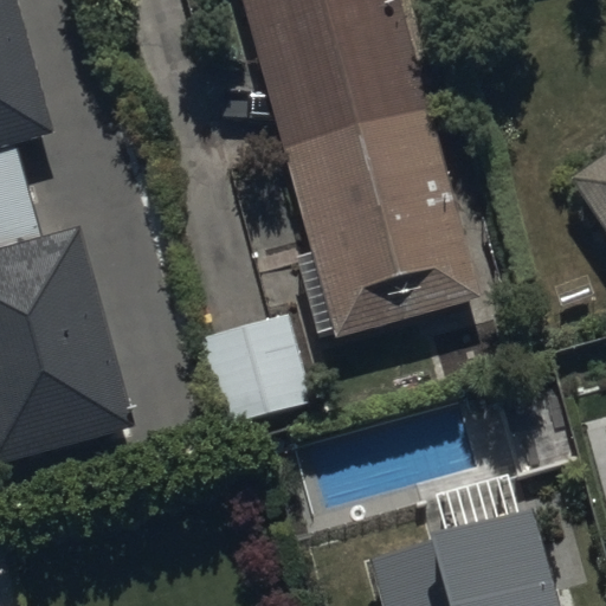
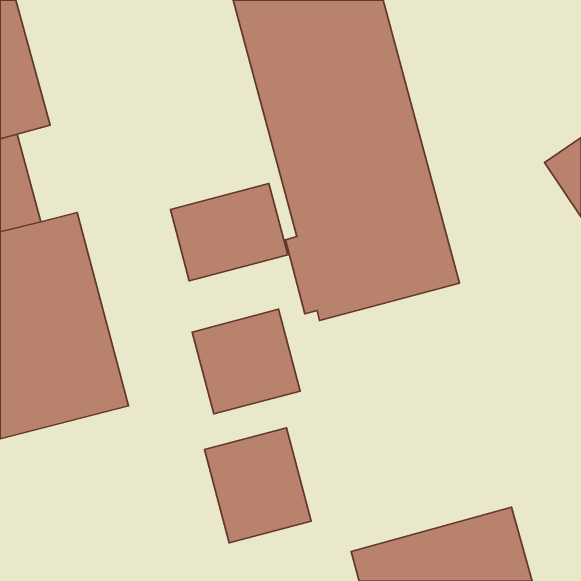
building: none -> [170,183,288,281]
building: none -> [204,428,311,543]

